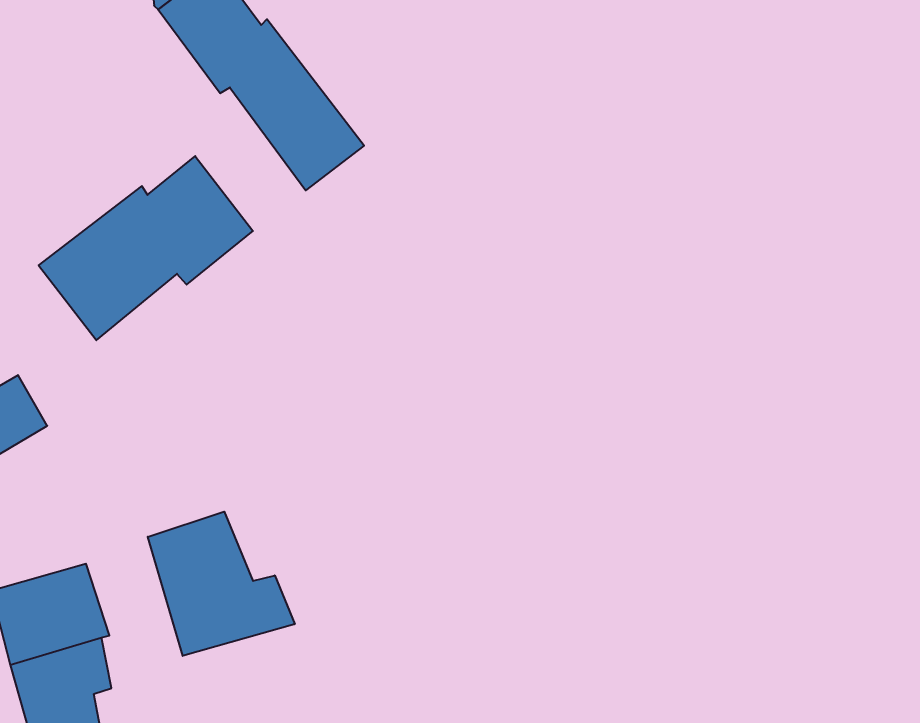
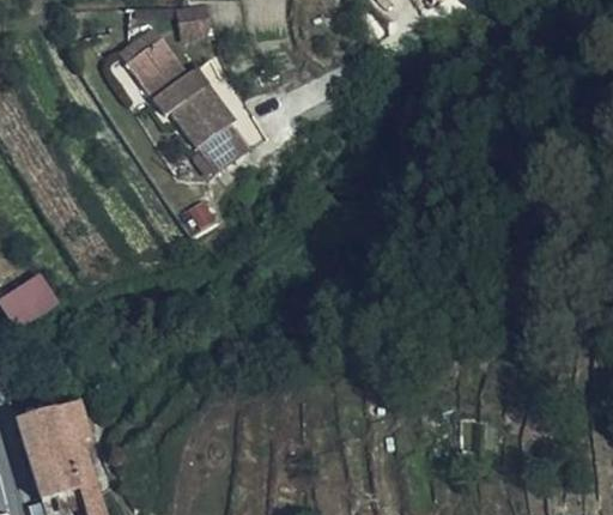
building: [39,156,253,340] -> none
building: [148,512,295,656] -> none

